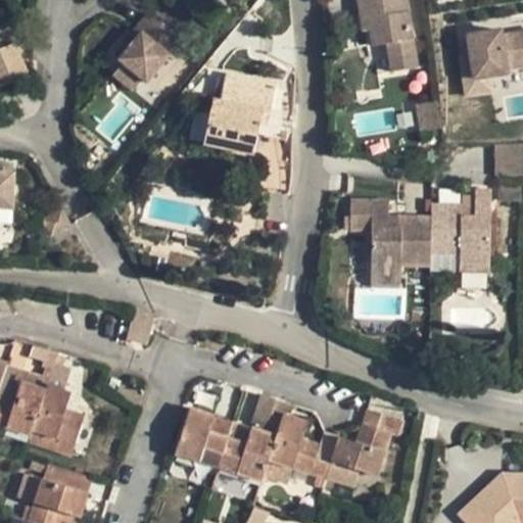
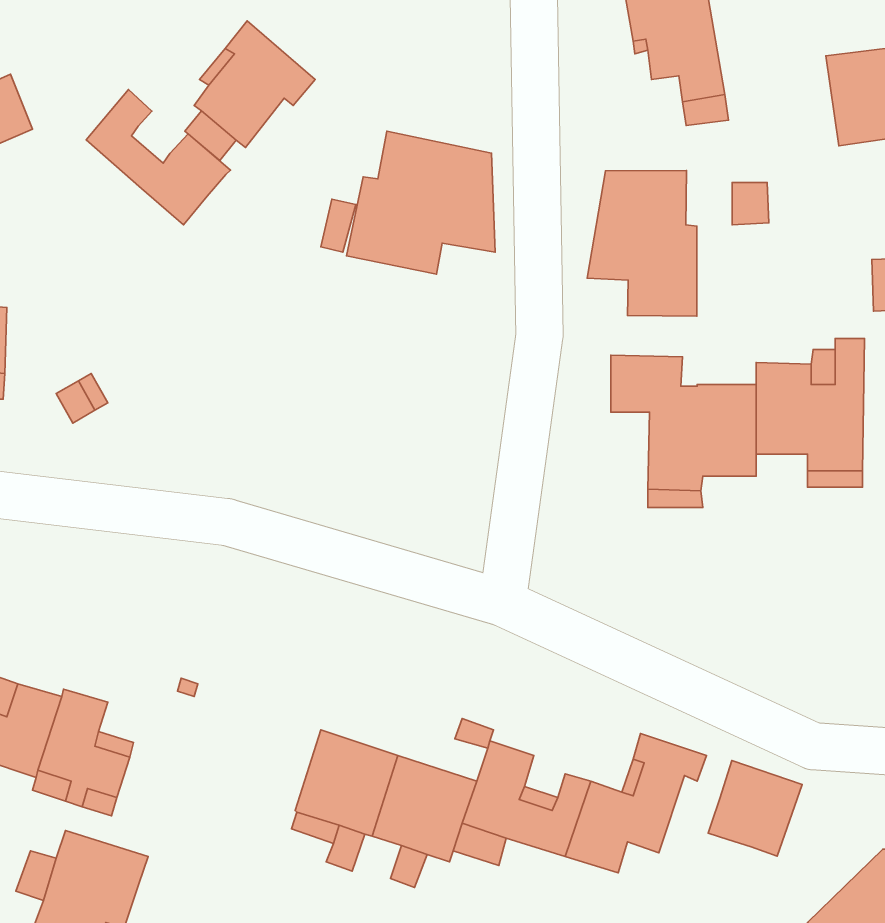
building: none -> [86,90,230,225]
building: none -> [587,171,697,316]
building: none -> [708,760,802,856]

